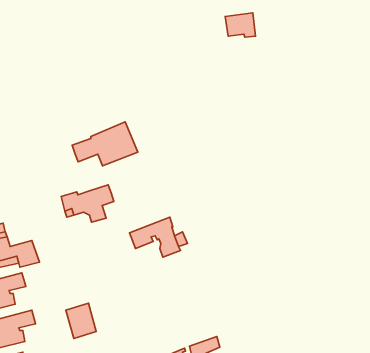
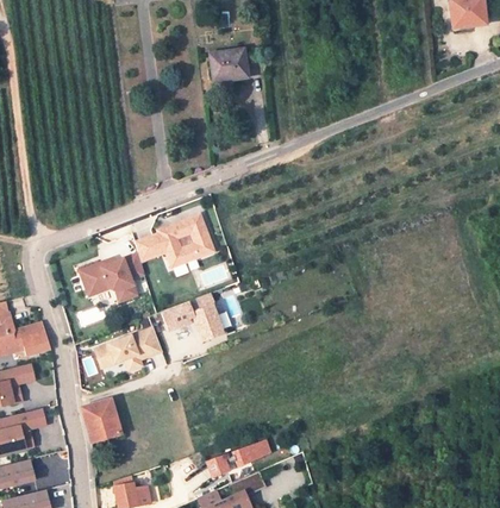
building: [225,13,256,37] -> [211,49,248,79]
building: [72,122,138,166] -> [131,215,211,269]
building: none -> [94,328,162,371]

